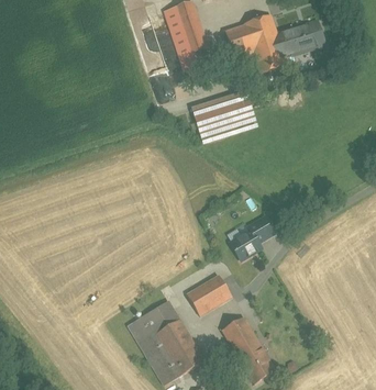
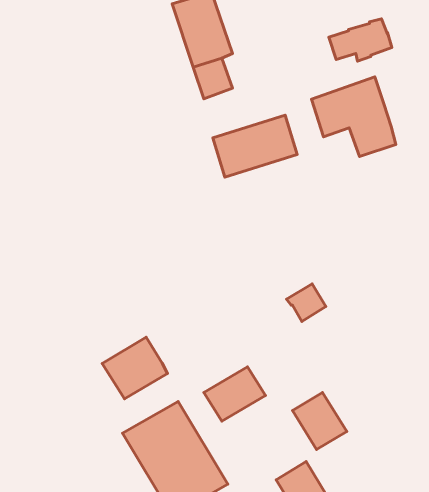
building: [224,14,286,73] -> [311,77,396,157]
building: [230,230,261,259] -> none
building: none -> [102,337,168,399]
building: [221,315,261,357] -> [293,392,347,450]

